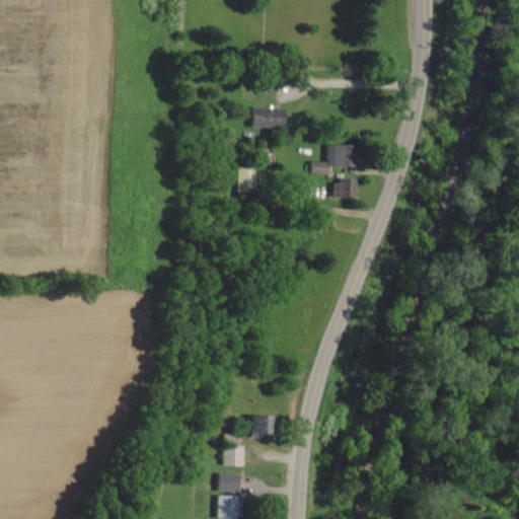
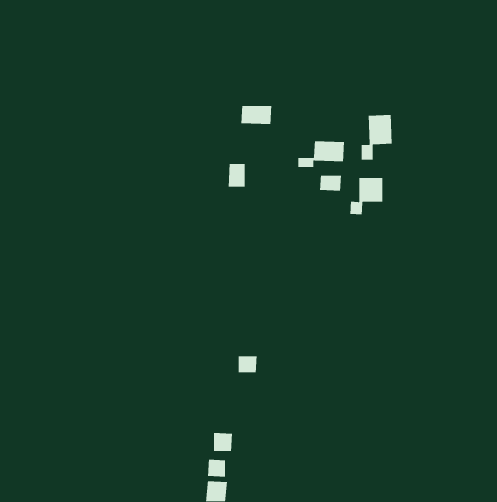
building: none -> [361,114,393,161]
building: none -> [350,177,383,215]
building: [251,416,272,434] -> [238,356,257,373]

